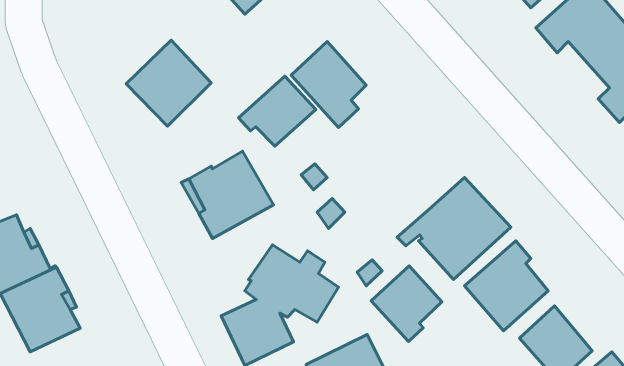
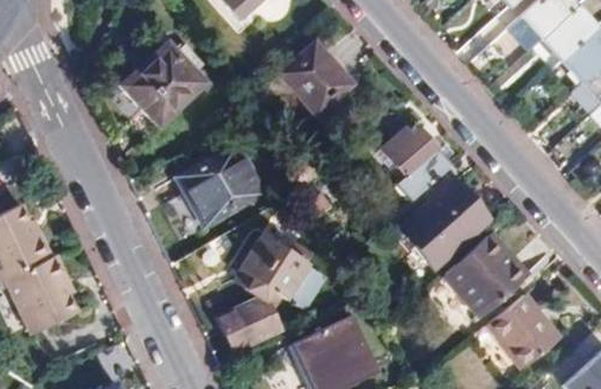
building: [239,76,316,146] -> none
building: none -> [382,127,452,202]
building: [371,266,442,341] -> none

